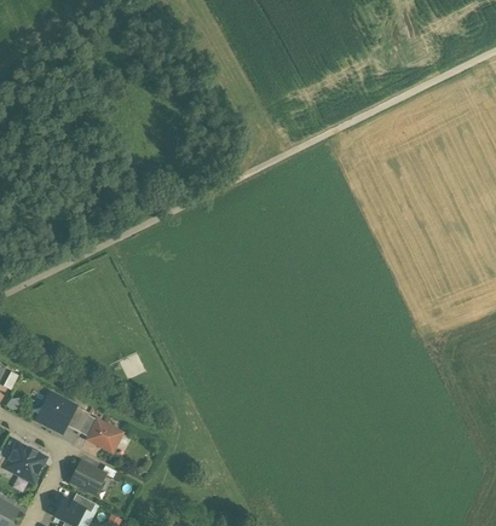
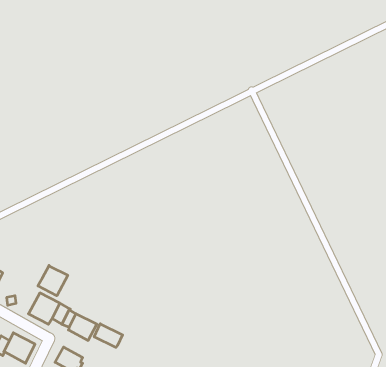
building: none -> [38,265,68,296]
building: none -> [94,324,123,347]

